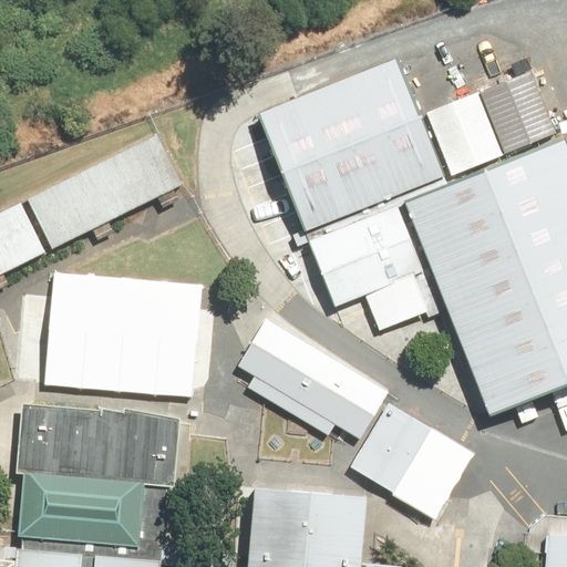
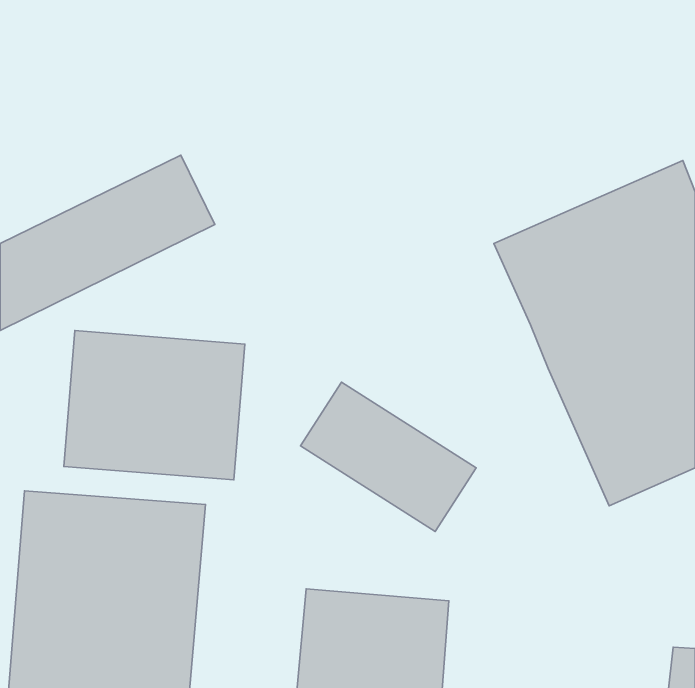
building: [261,56,446,227] -> none
building: [436,72,556,176] -> none
building: [310,204,446,332] -> none
building: [354,410,471,519] -> none

